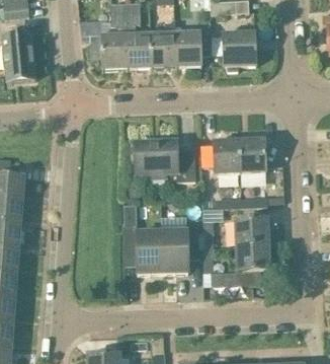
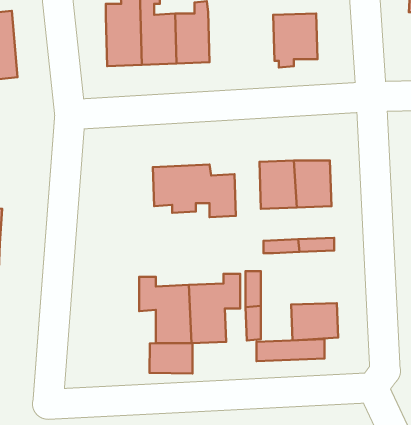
building: [175,29,201,67] -> none
building: [235,218,269,244] -> none
building: none -> [150,343,192,374]

